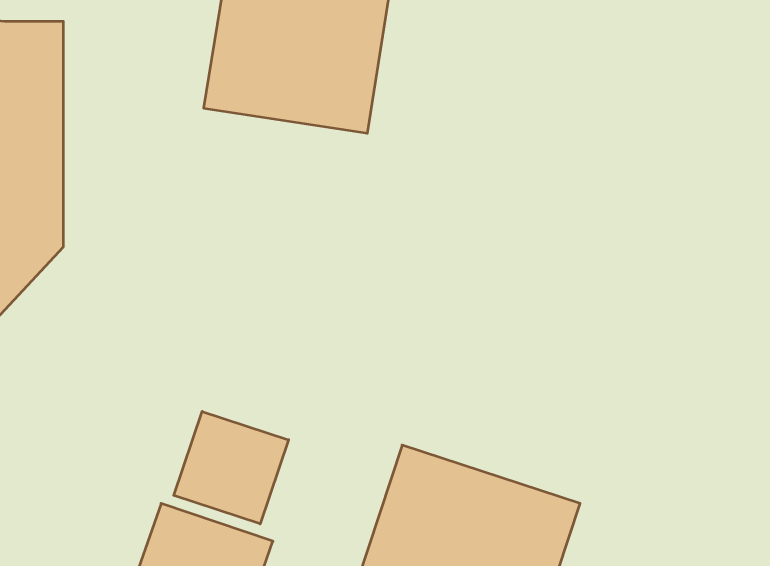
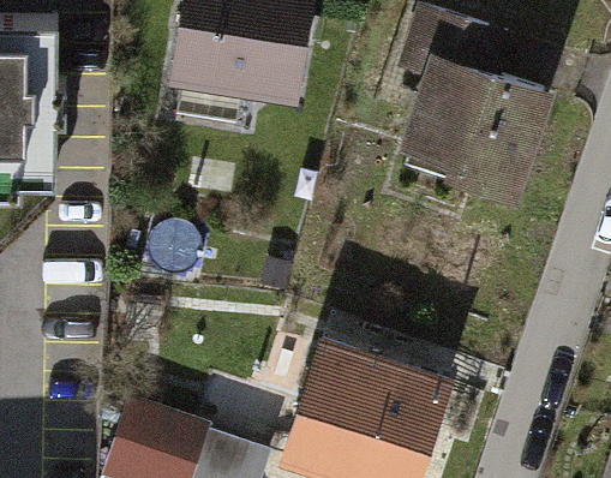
building: none -> [394,8,552,213]
building: [174,411,289,524] -> none

